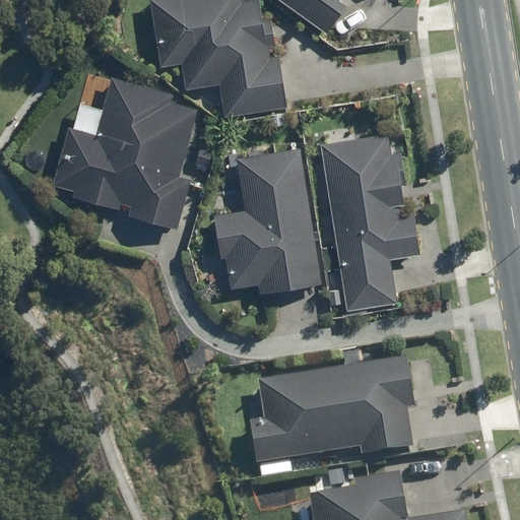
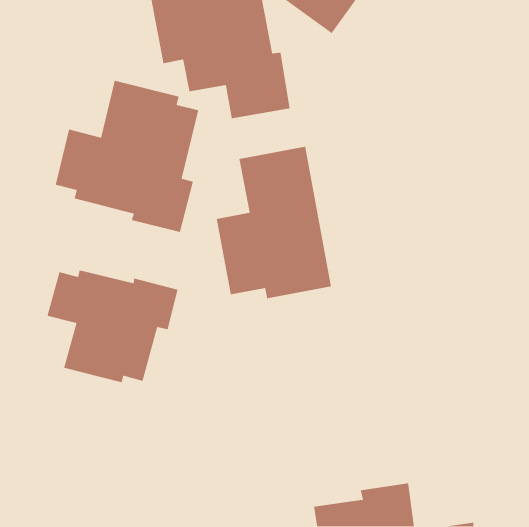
building: [320,130,417,311] -> none
building: none -> [46,269,178,383]
building: [248,356,414,463] -> none

